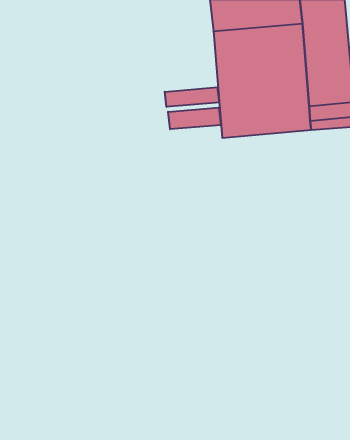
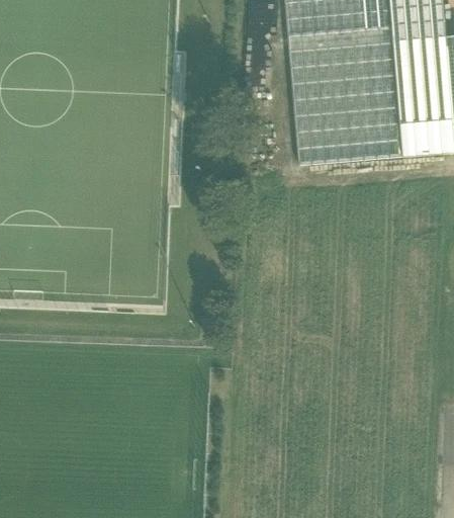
building: [165,87,219,107] -> none
building: [168,107,221,129] -> none

